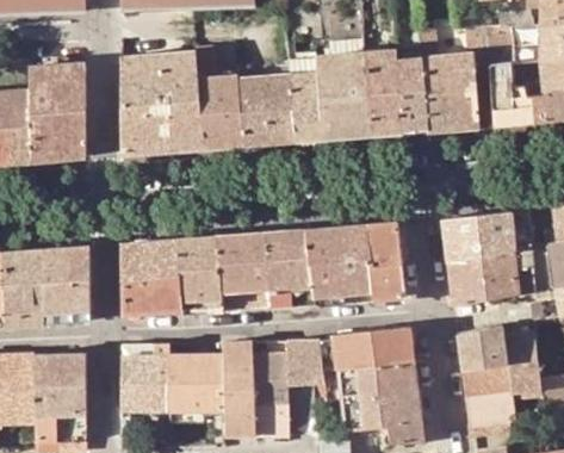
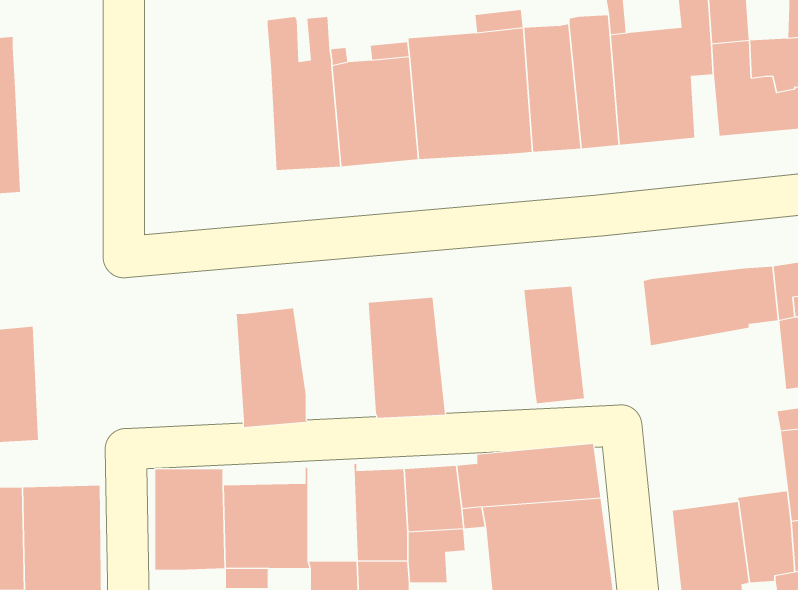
building: [120,51,202,153] -> none
building: [29,62,86,161] -> none
building: [305,225,372,308] -> none
building: [213,234,267,311] -> none
building: [122,241,180,316] -> none
building: [42,246,91,324] -> none
building: [448,246,538,306] -> none
building: [458,325,507,371] -> none
building: [223,340,255,404] -> none

